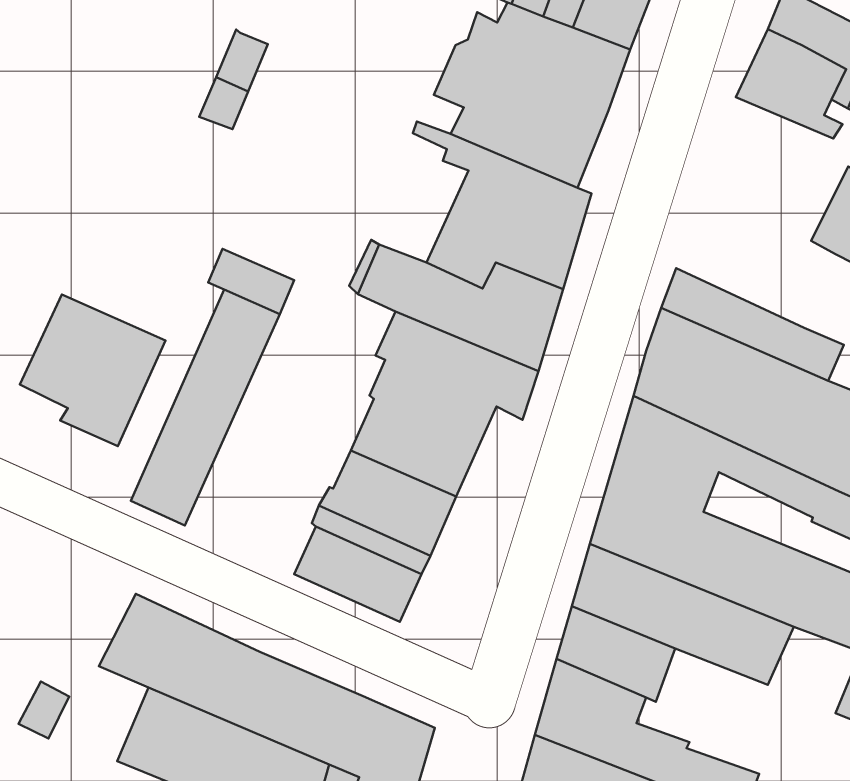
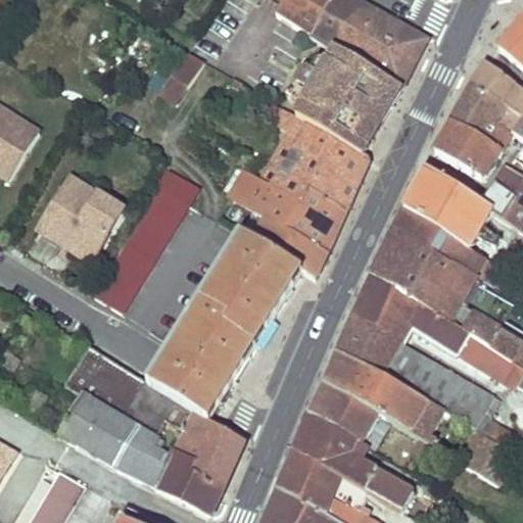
building: none -> [434,117,502,178]
building: none -> [407,165,494,248]
building: none -> [151,345,230,417]

